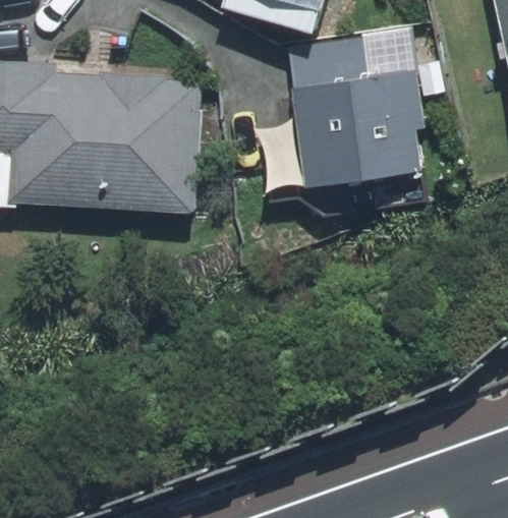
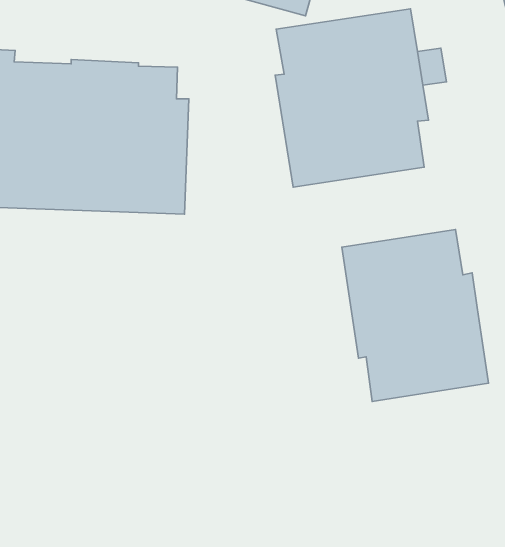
building: none -> [342,230,488,402]

